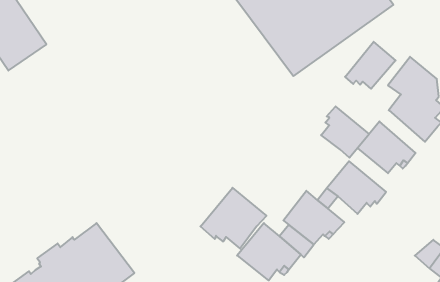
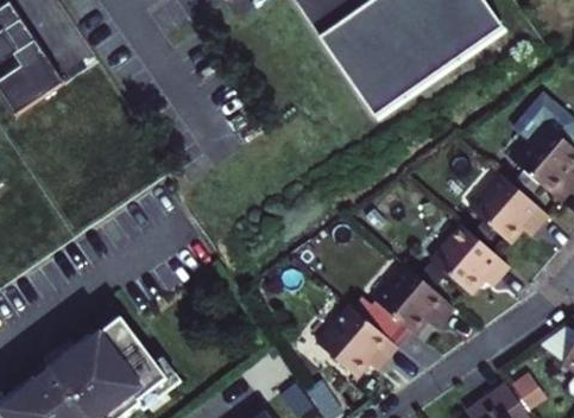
building: [345,42,396,89] -> none
building: [321,106,369,158] -> none
building: [200,188,266,249] -> none

